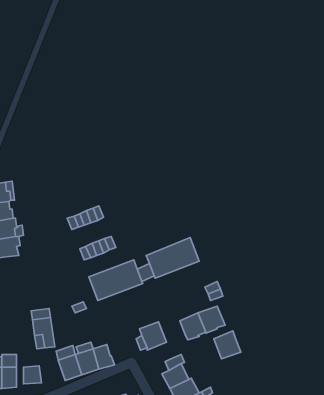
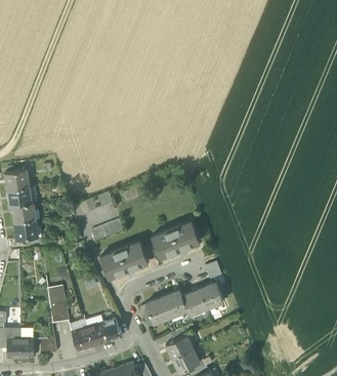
building: [214,331,241,359] -> [163,290,187,316]

